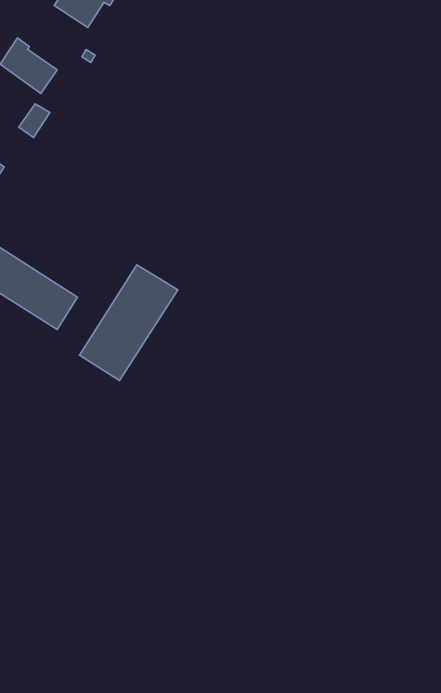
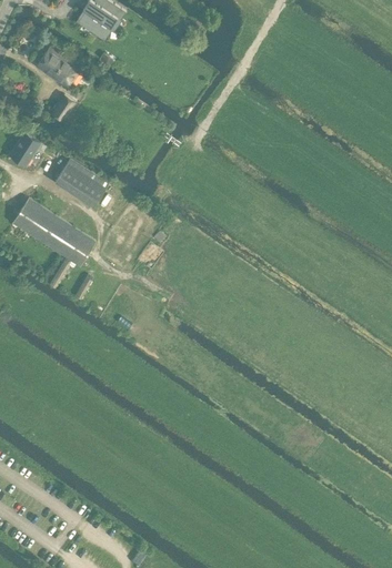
building: none -> [54,159,108,206]
building: [80,265,178,380] -> none

